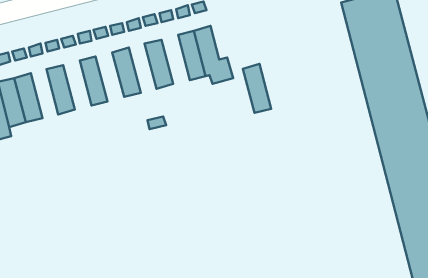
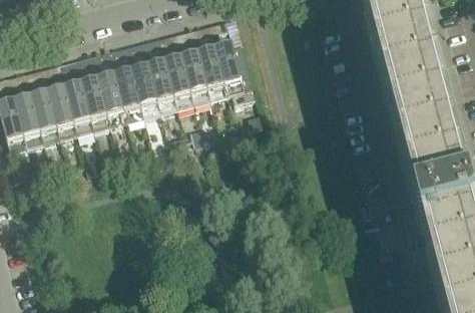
building: none -> [152,56,180,106]
building: none -> [118,65,147,115]
building: none -> [85,73,114,123]
building: [243,64,271,113] -> [185,47,214,97]
building: none -> [52,82,80,132]

